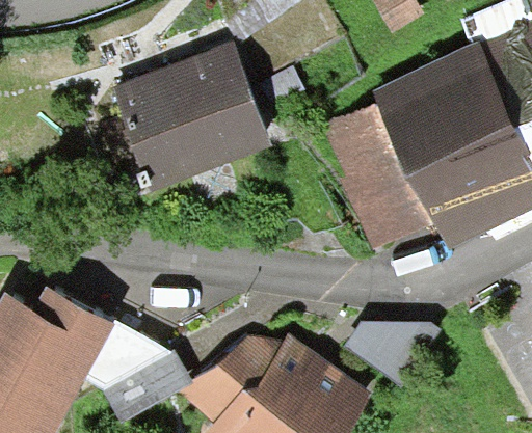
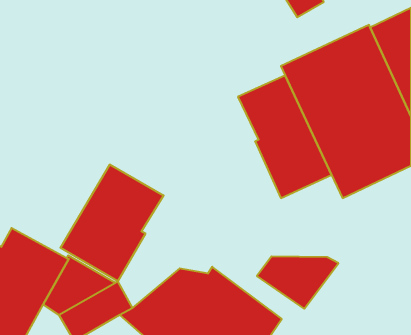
building: [110,44,270,190] -> none
building: none -> [60,164,164,281]

